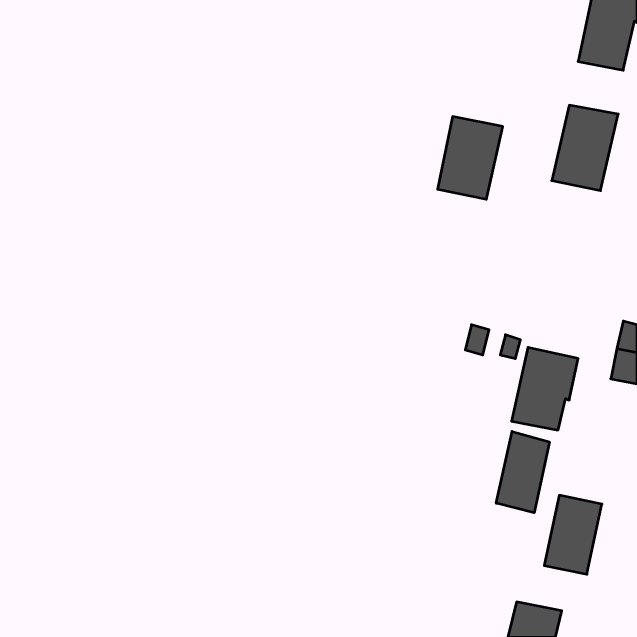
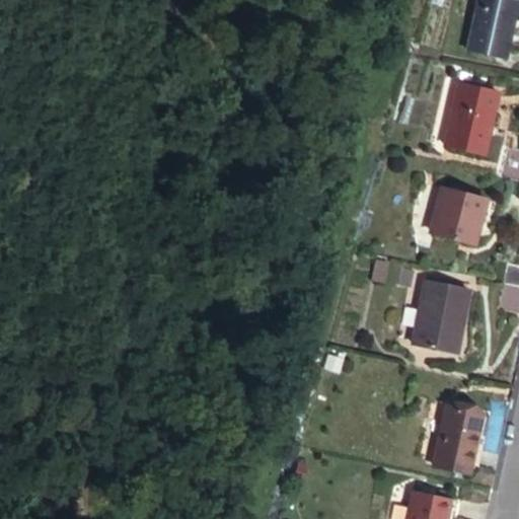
building: [438,117,503,199] -> [423,190,475,256]
building: [496,431,549,513] -> none

